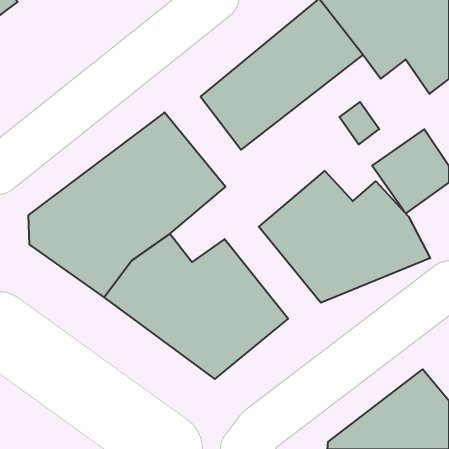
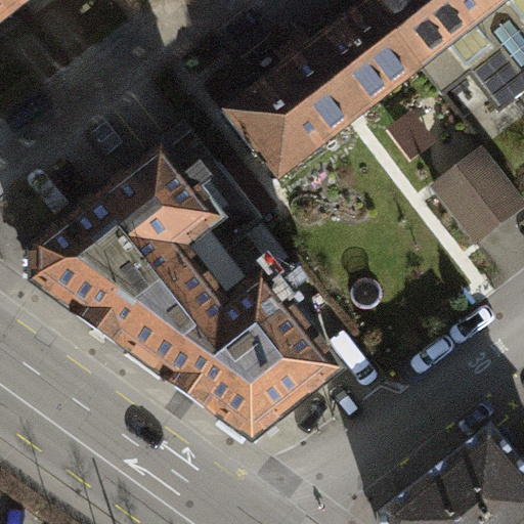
building: [259,171,430,303] -> none

